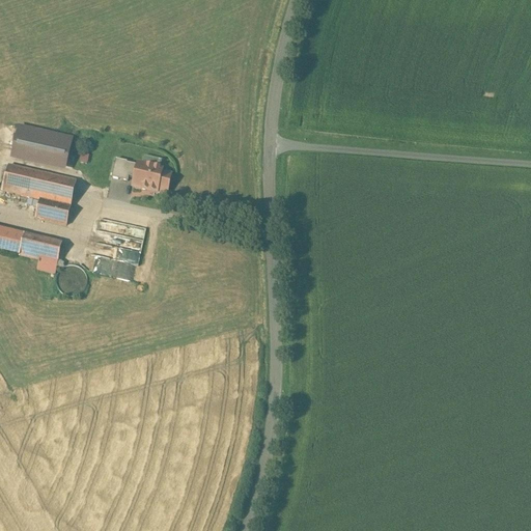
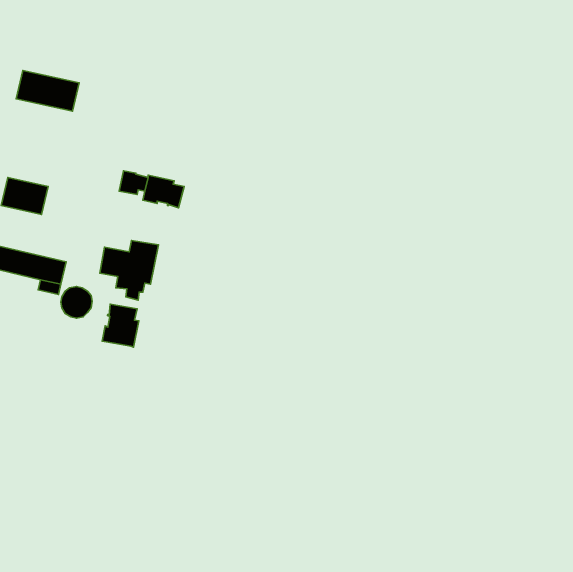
building: [12,125,71,163] -> [16,71,79,111]
building: [34,172,76,223] -> none
building: none -> [102,304,139,347]

